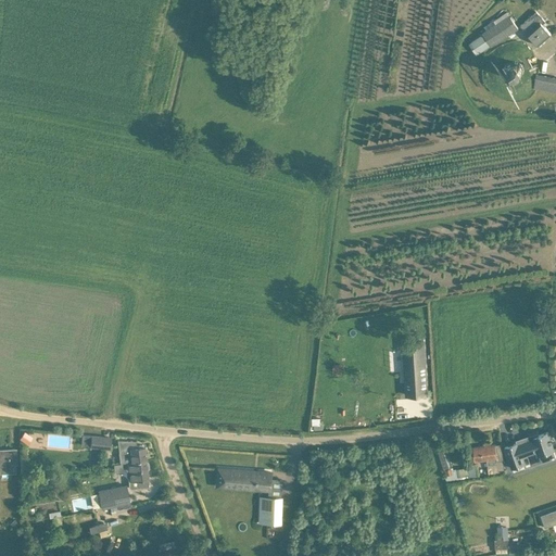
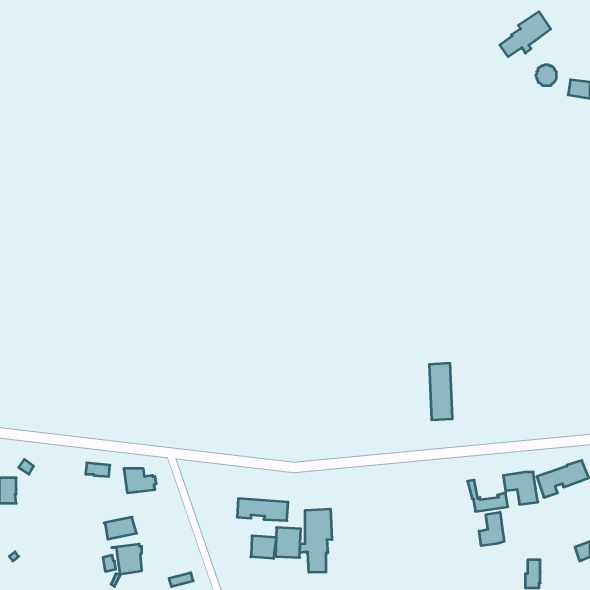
building: [519,12,549,46] -> none
building: [119,460,148,489] -> [112,544,142,574]
building: none -> [300,509,332,572]
building: none -> [479,512,504,546]
building: none -> [251,536,276,559]

